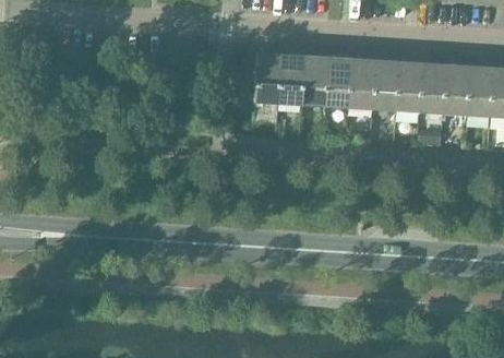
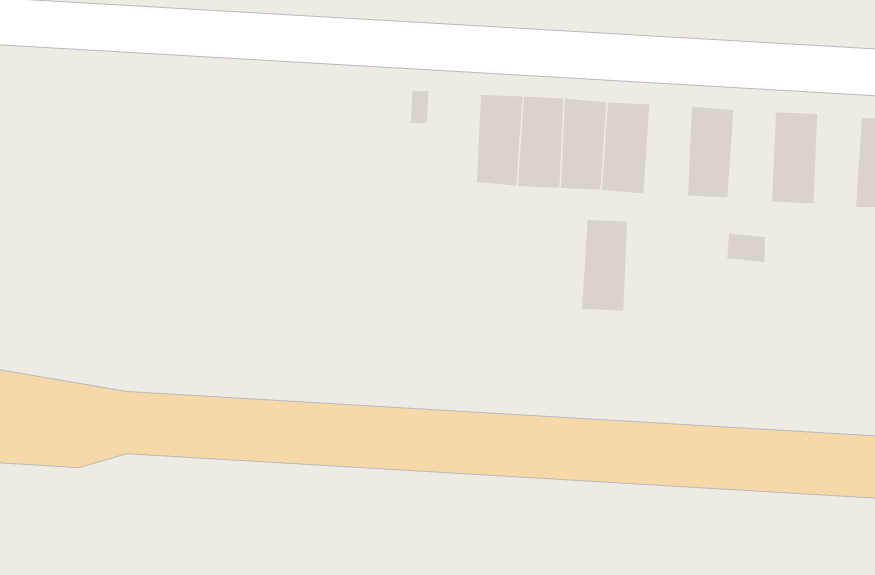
building: [253,51,280,103] -> none
building: [372,59,398,110] -> [581,219,628,311]
building: [419,62,445,114] -> none
building: [467,64,493,117] -> none

